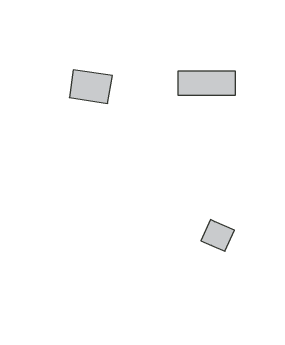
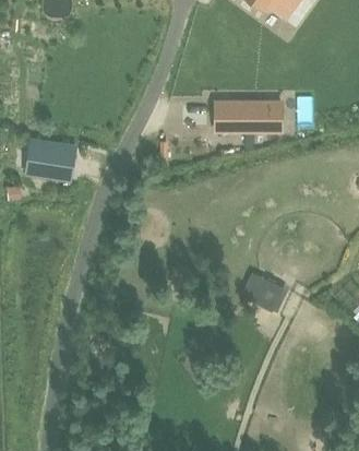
building: [69,70,112,103] -> [27,140,76,178]

